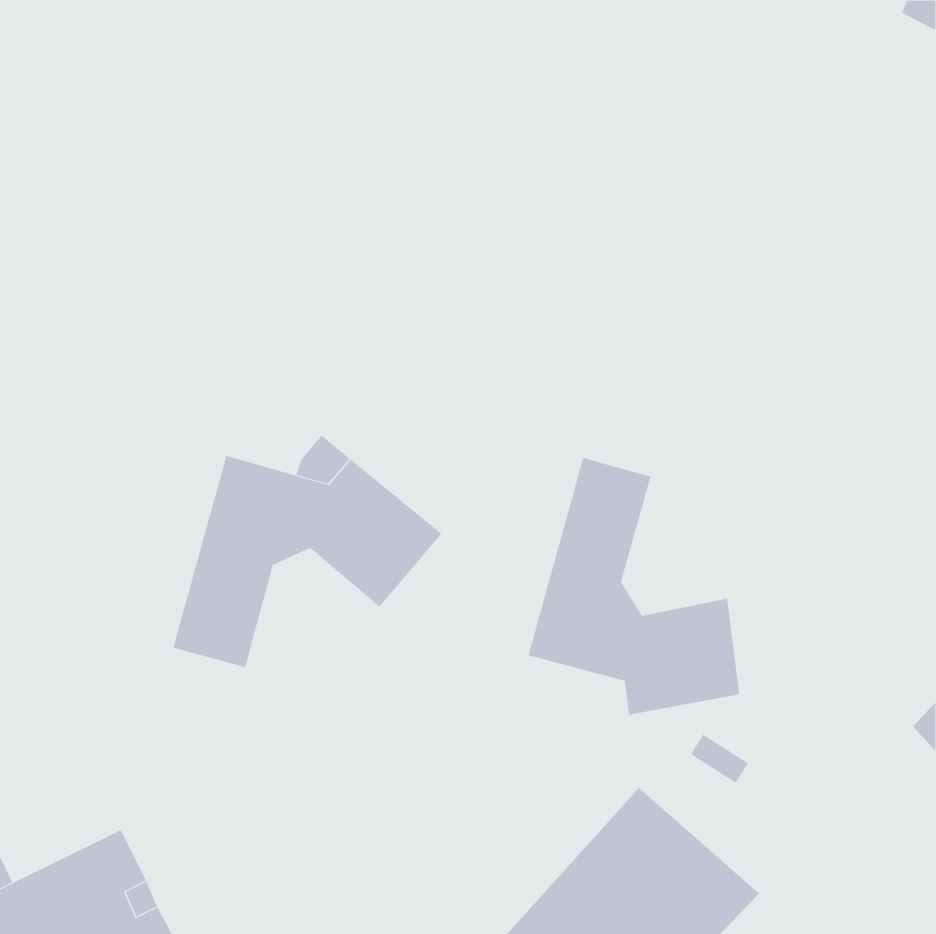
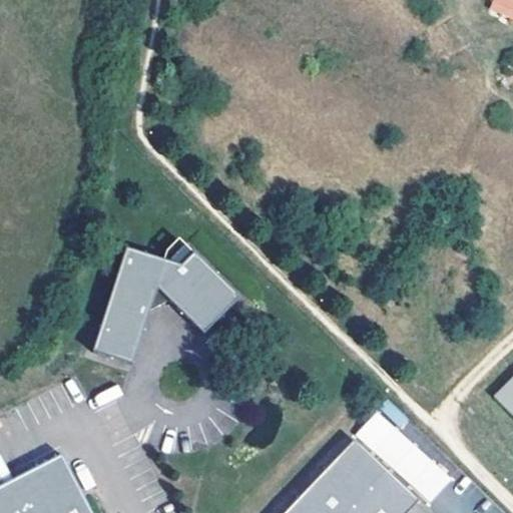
building: [528,457,740,716] -> none

